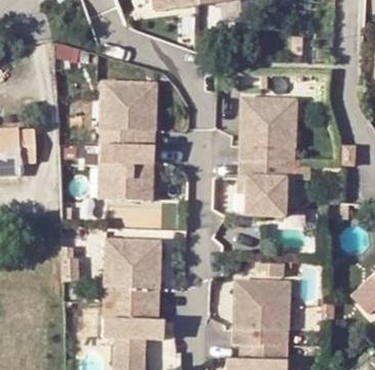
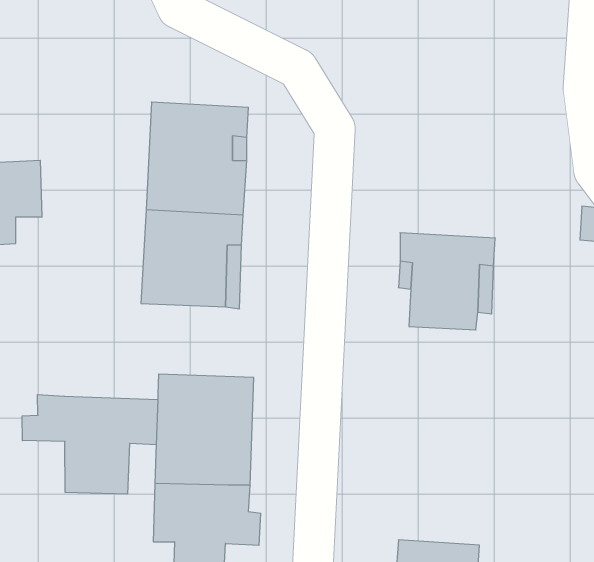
building: [243,102,300,167] -> none
building: none -> [22,395,158,494]
building: [233,278,292,345] -> none

